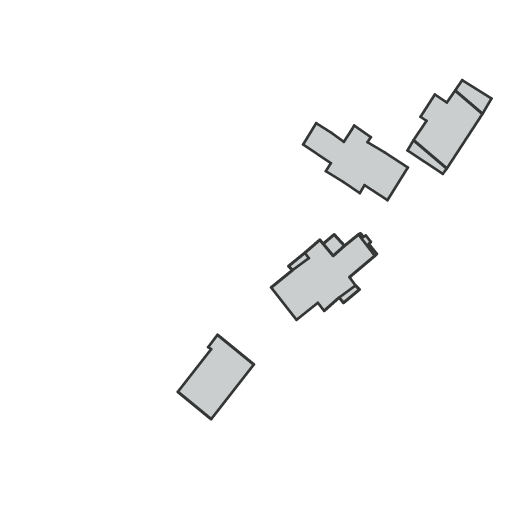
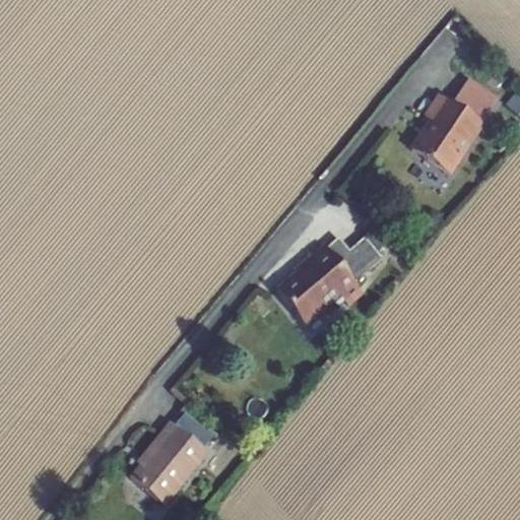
building: [303,123,408,200] -> none
building: [178,335,254,419] -> [135,416,211,501]

